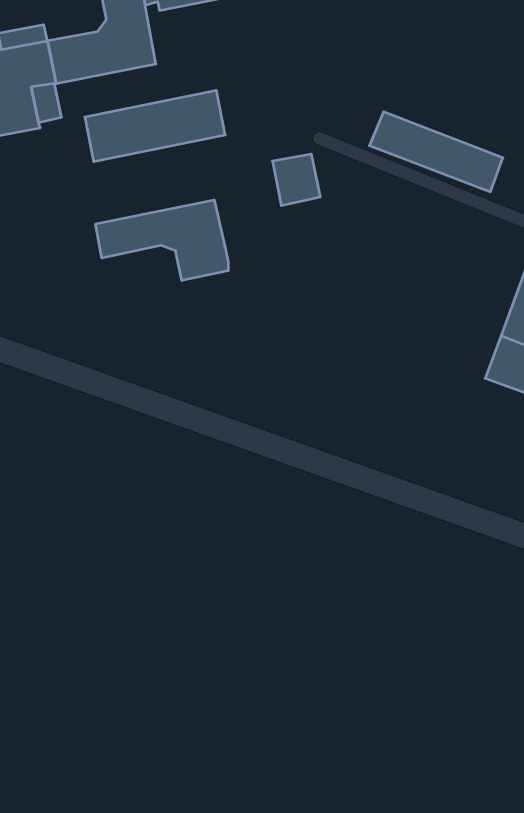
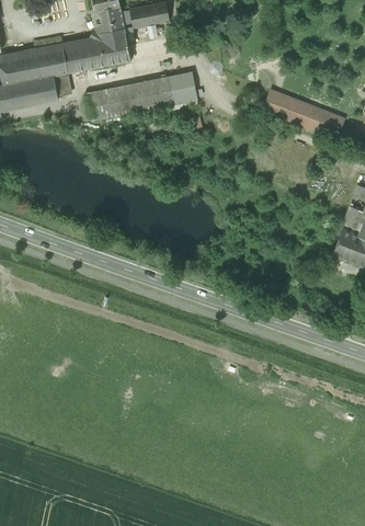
building: [272,154,320,206] -> [168,72,197,104]
building: [96,200,228,281] -> none

